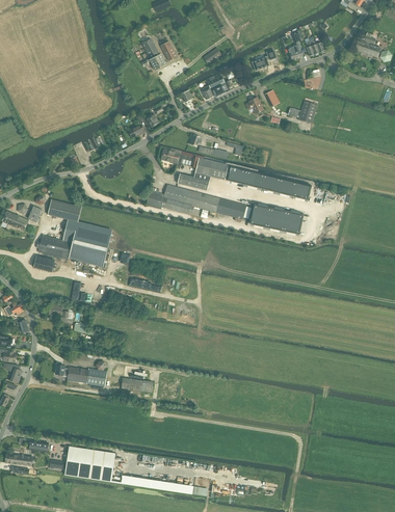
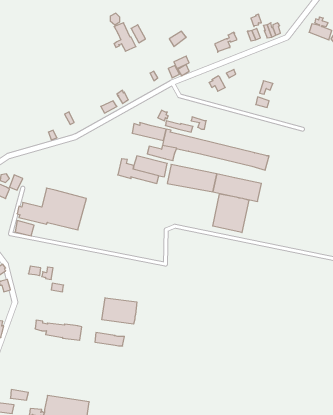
building: [47,198,81,221] -> none
building: none -> [213,194,249,233]
building: none -> [102,298,137,324]

